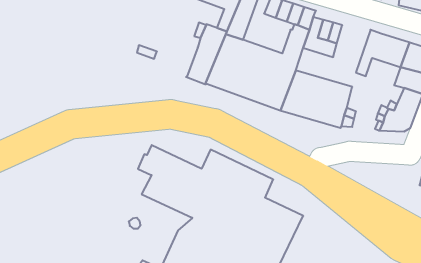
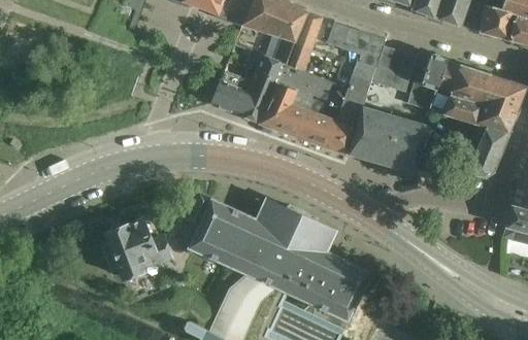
building: none -> [408,55,449,109]
building: none -> [211,71,253,114]
building: none -> [443,93,483,124]
building: none -> [103,220,171,277]

